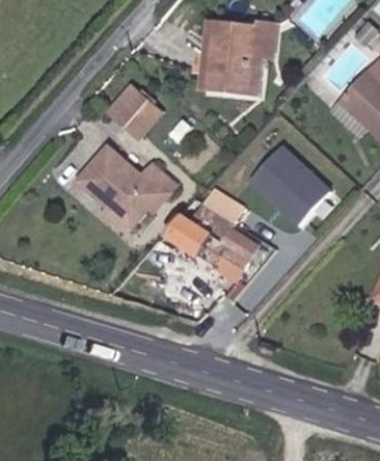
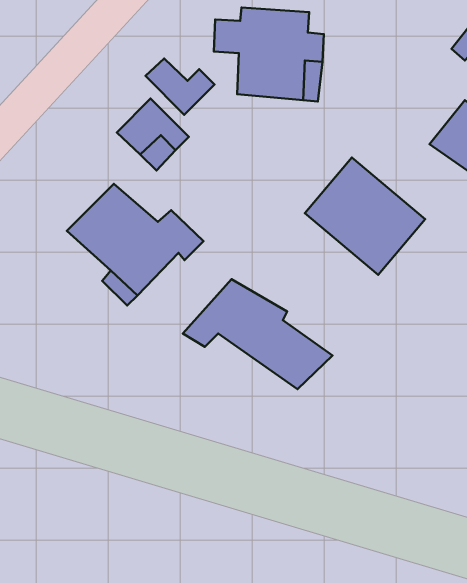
building: none -> [145,59,214,115]
building: [194,193,248,237] -> none

